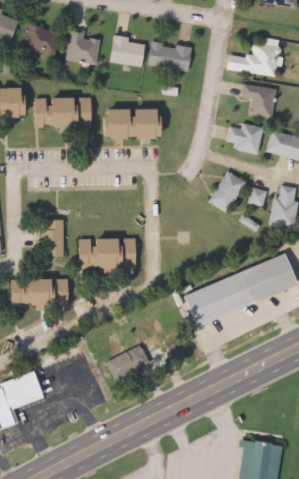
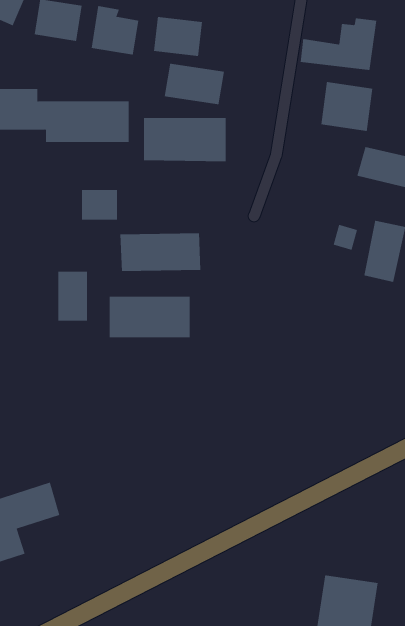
building: [150,41,194,71] -> [164,63,225,105]
building: [220,122,256,153] -> none
building: none -> [81,189,118,221]
building: [202,170,239,212] -> none
building: [174,253,290,326] -> none
building: [13,278,72,306] -> [120,233,201,271]
building: [109,345,152,379] -> none

